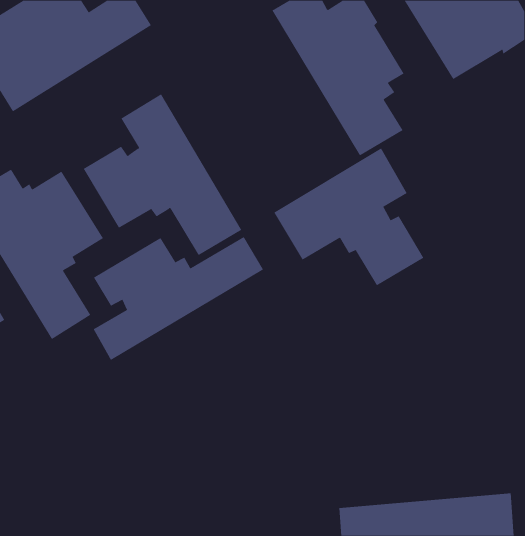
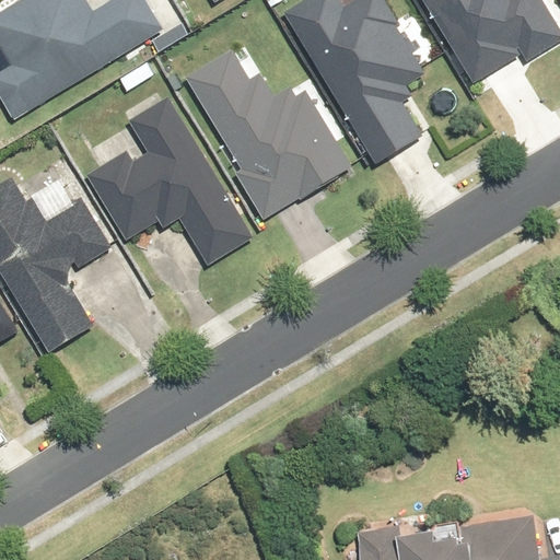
building: none -> [186,50,353,219]
building: [274,148,424,286] -> none
building: [93,236,264,361] -> none

